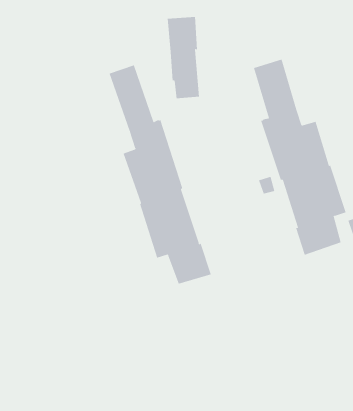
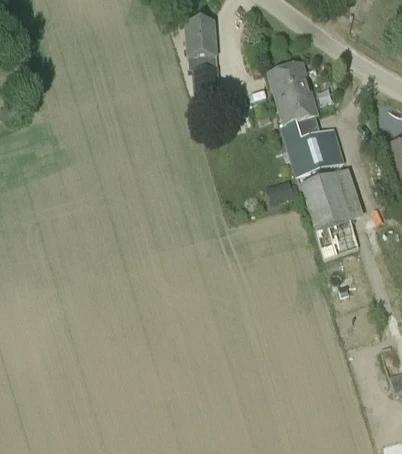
building: [109,65,212,284] -> none

